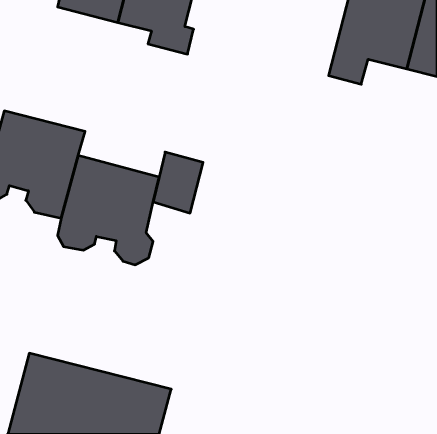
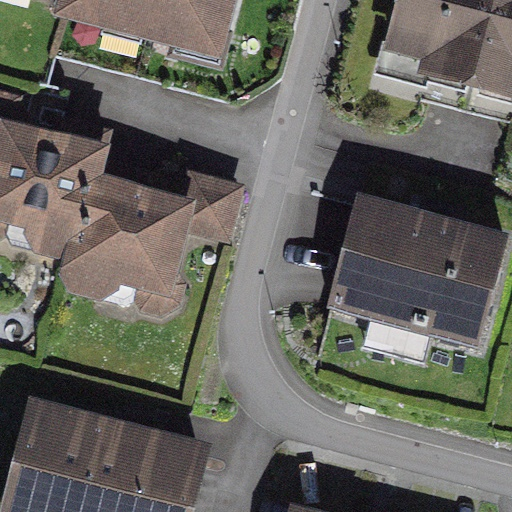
building: none -> [330,200,504,344]

